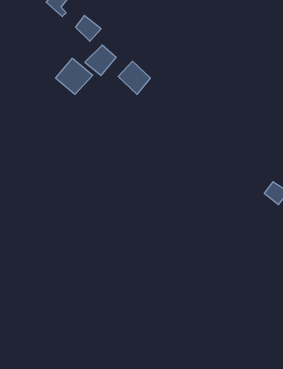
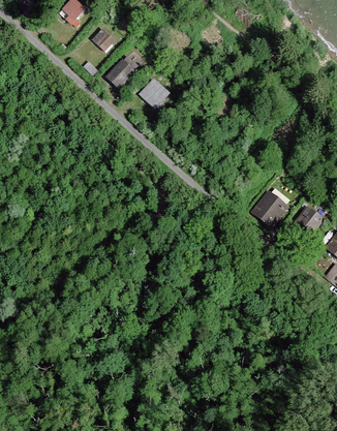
building: [56,58,93,94] -> none
building: none -> [249,188,288,229]

